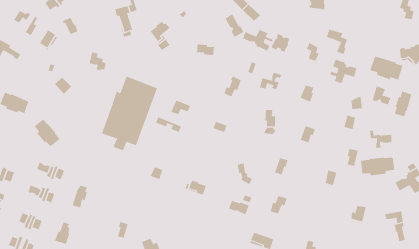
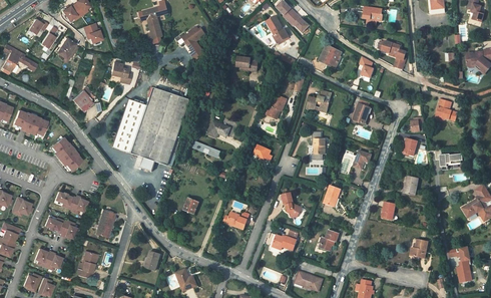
building: [243,29,273,51] -> none
building: [370,56,403,81] -> none
building: [330,59,357,84] -> none
building: none -> [114,105,145,158]
building: [394,91,412,117] -> none
building: [360,157,395,176] -> none

